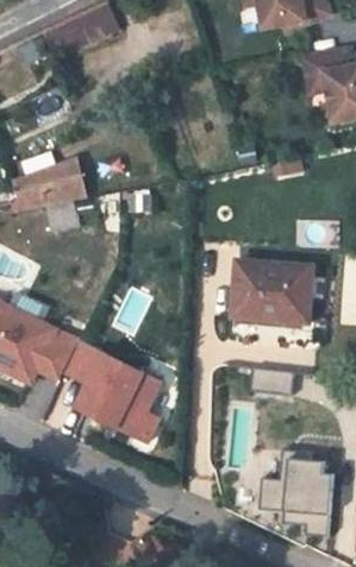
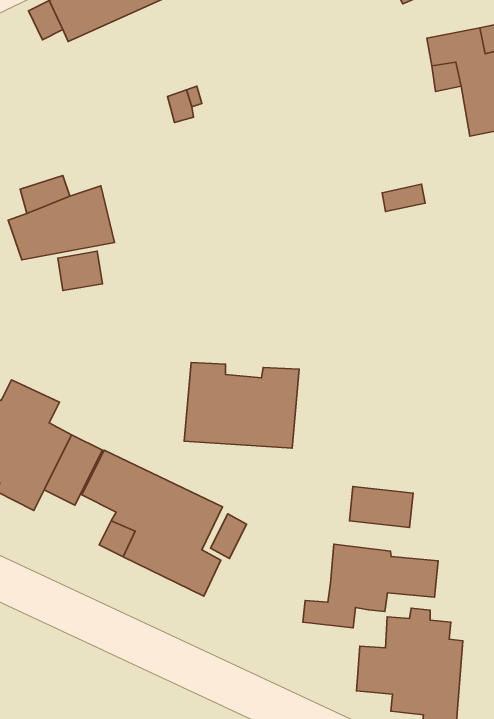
building: [232,262,312,321] -> [184,362,299,448]
building: none -> [303,544,438,628]

